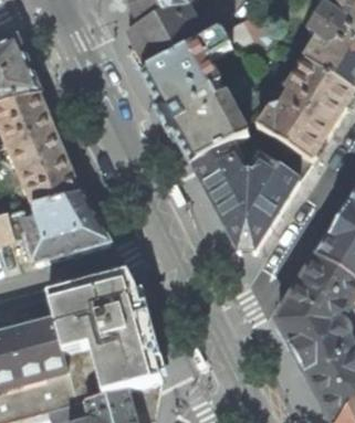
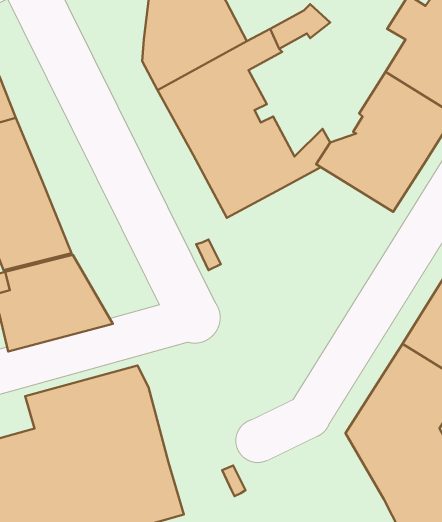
building: [191,135,311,247] -> none

